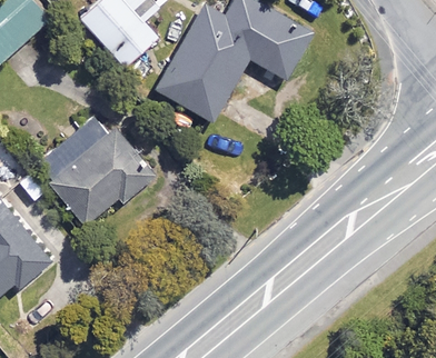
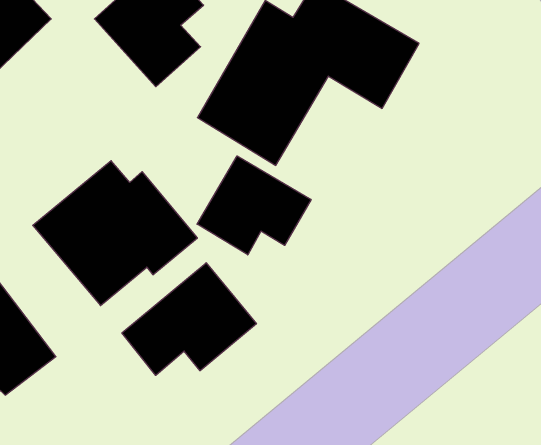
building: none -> [197,156,311,255]
building: none -> [122,263,256,375]

